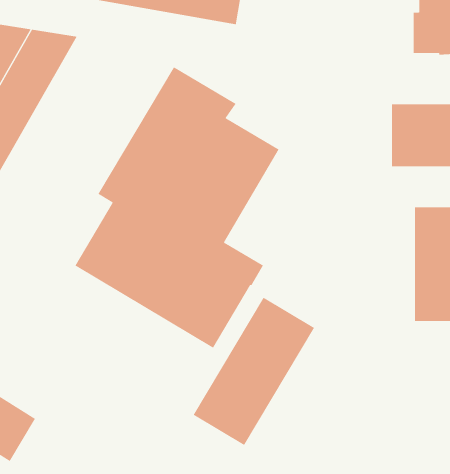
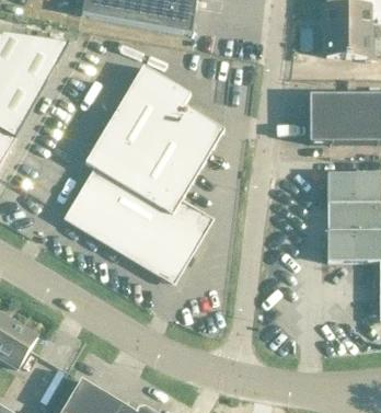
building: [193,297,315,446] -> none

